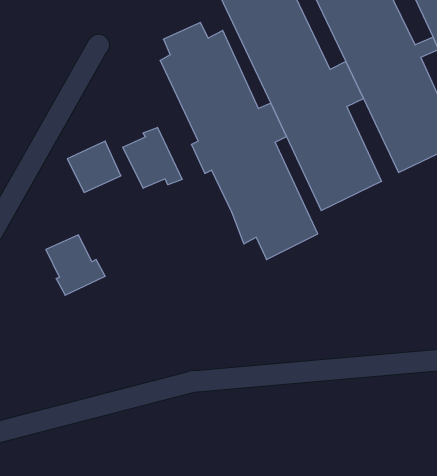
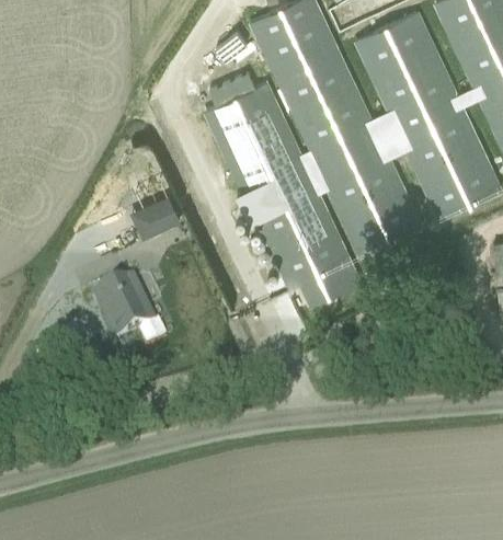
building: [123,127,182,188] -> none

